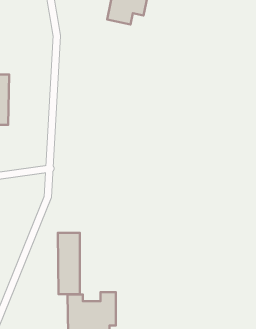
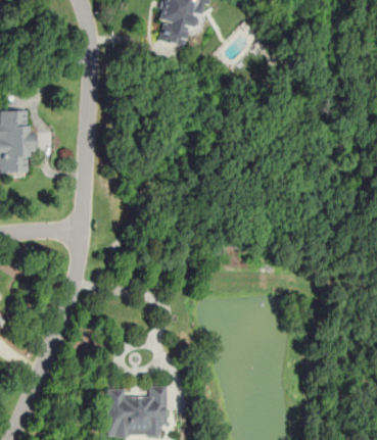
building: [58,233,80,294] -> none

